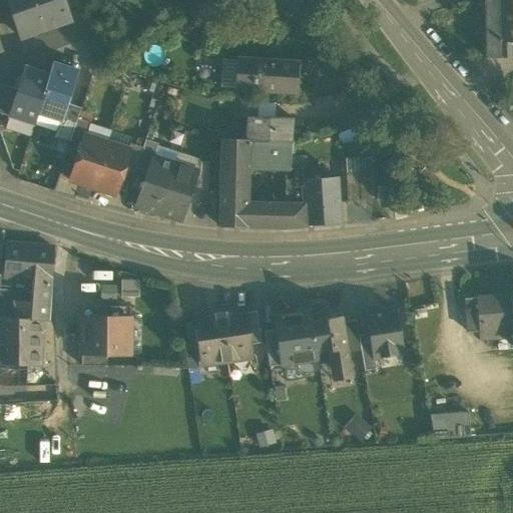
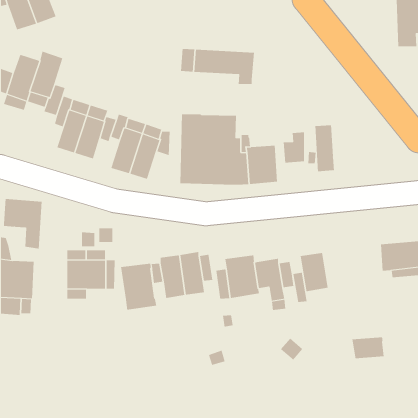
building: [247,106,293,141] -> none
building: none -> [315,125,334,172]
building: [12,301,49,321] -> none
building: none -> [120,263,157,311]

